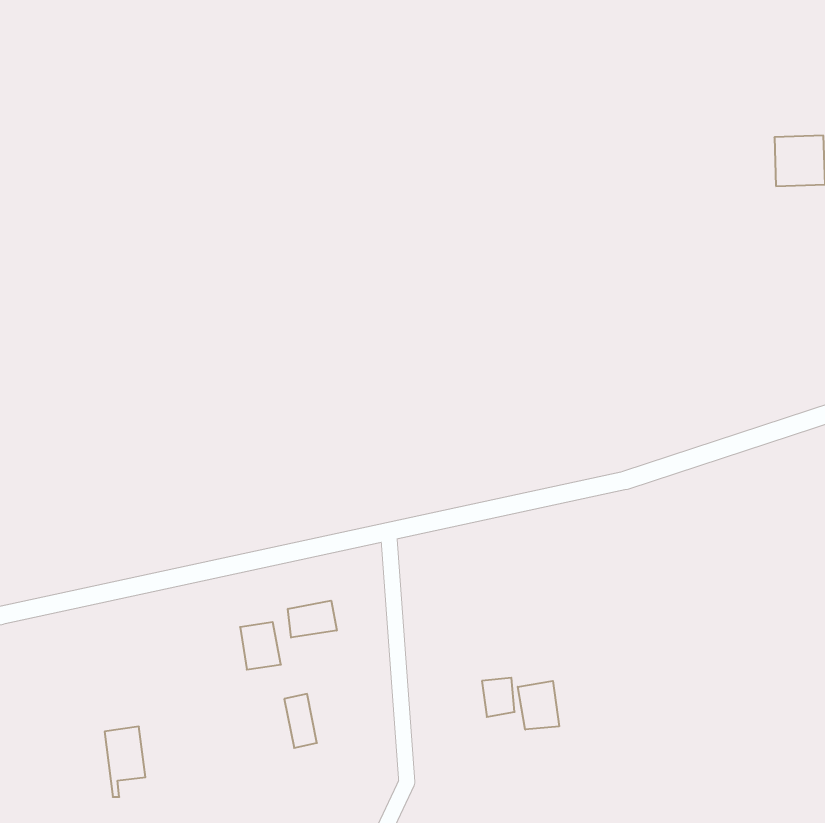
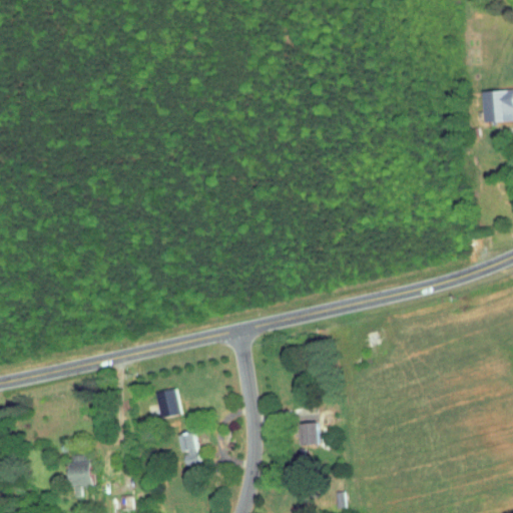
building: [288,601,337,638] -> none
building: [518,681,559,730] -> none

